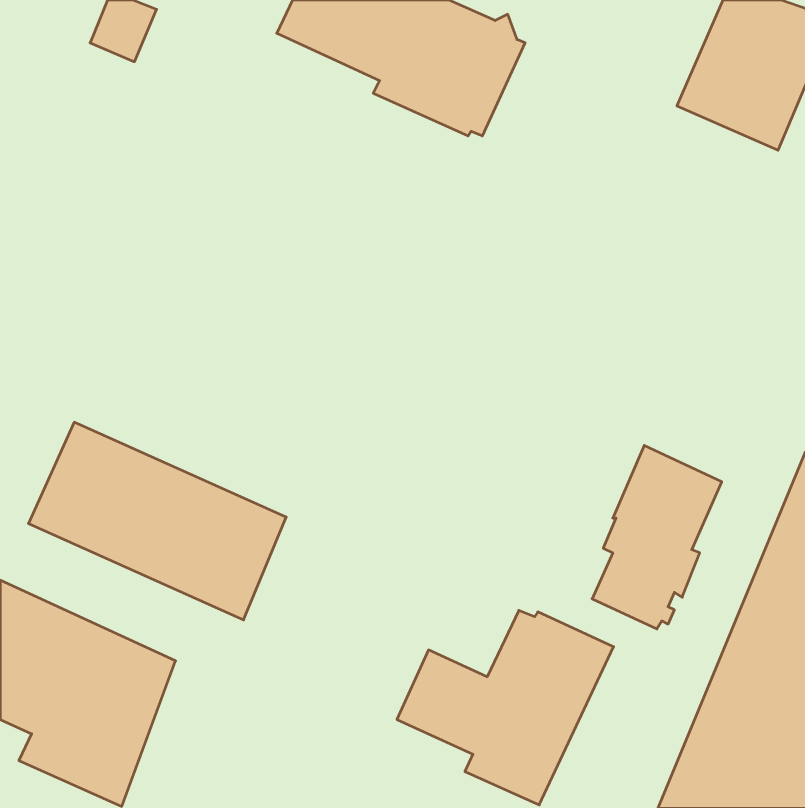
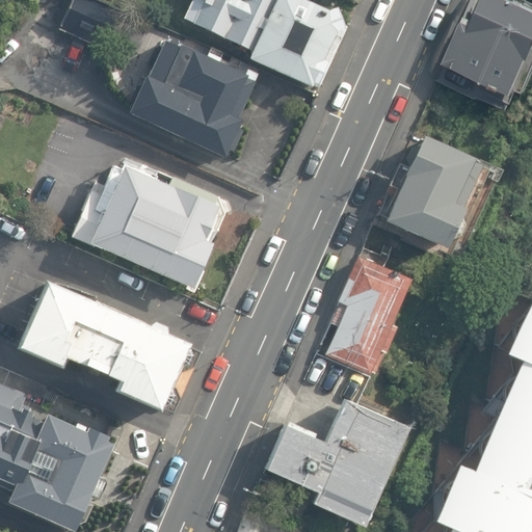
building: none -> [127,43,258,161]
building: none -> [384,131,475,245]
building: none -> [80,155,229,286]
building: [592,445,722,629] -> [323,257,408,377]

